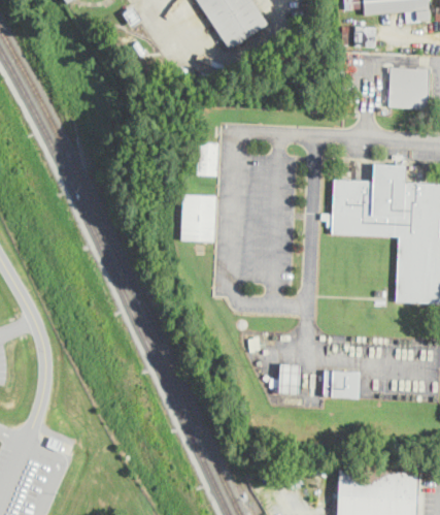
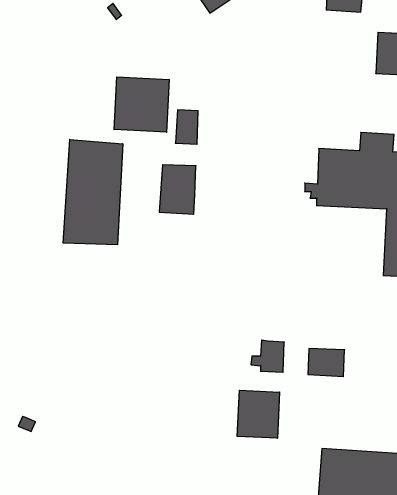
building: none -> [114,77,169,132]
building: none -> [63,139,123,245]
building: none -> [237,390,280,438]

